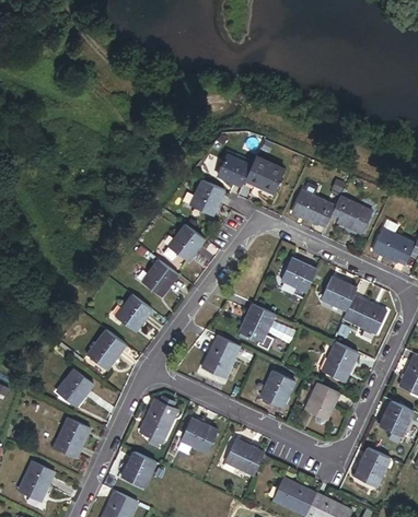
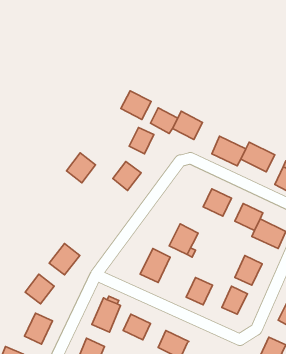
building: none -> [121,91,151,119]
building: [140,257,177,295] -> [67,153,96,183]
building: [114,293,151,330] -> none

